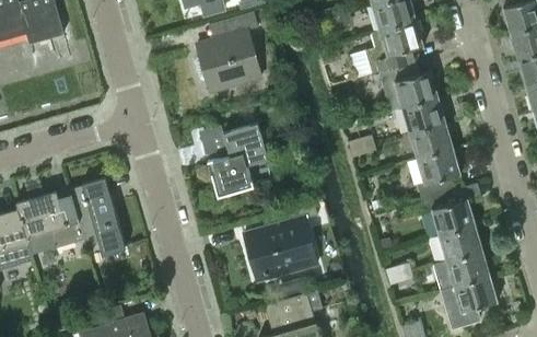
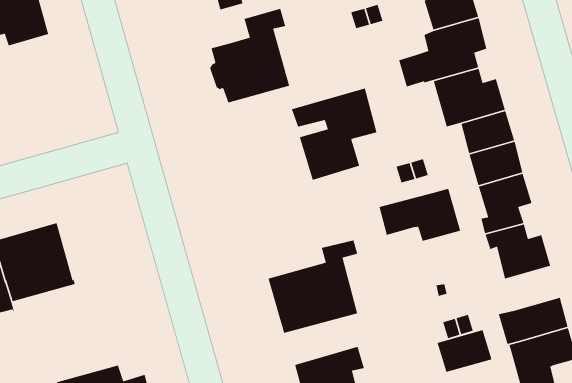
building: [200,121,271,198] -> [291,88,377,181]
building: none -> [378,188,461,242]
building: [70,178,126,255] -> none
building: [437,224,483,260] -> [437,329,493,373]

